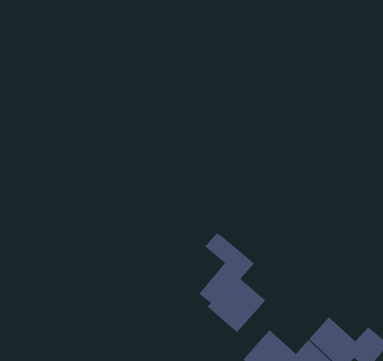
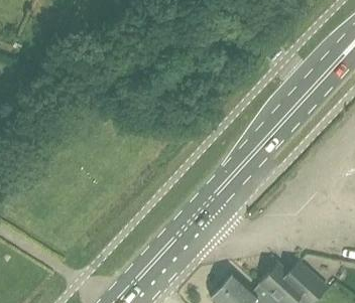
building: [199,233,266,333] -> none

